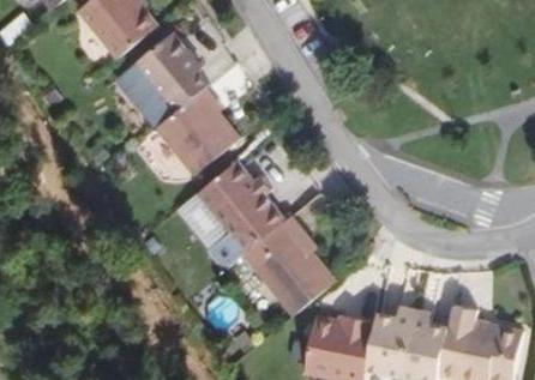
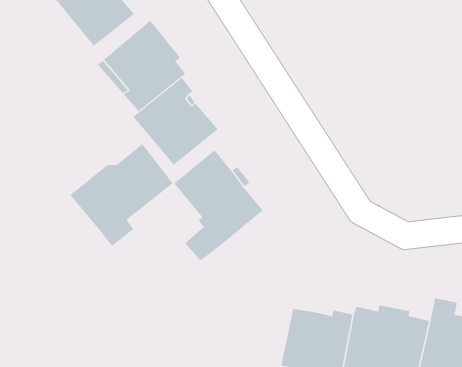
building: none -> [70,143,174,247]
building: [244,216,335,315] -> none

